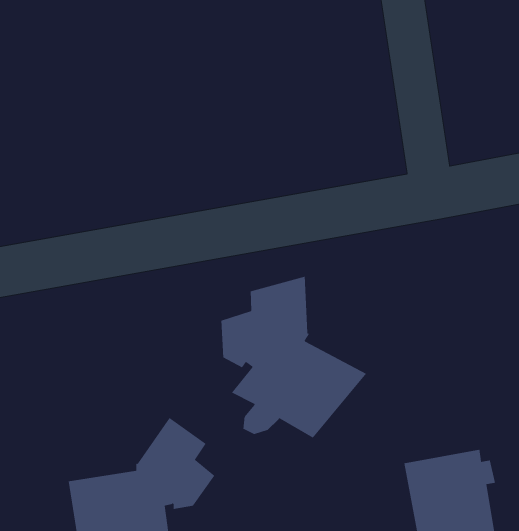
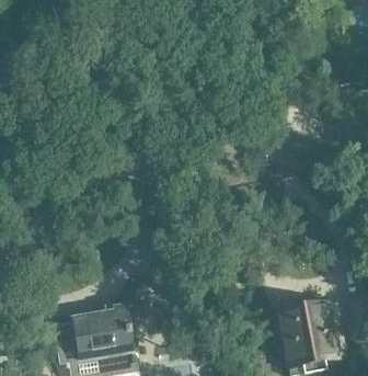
building: [221,276,367,438] -> none

